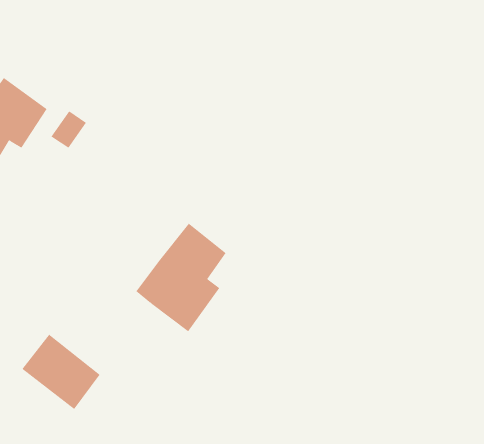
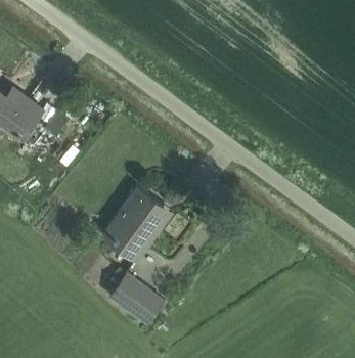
building: [22,334,100,410] -> [110,271,164,322]

